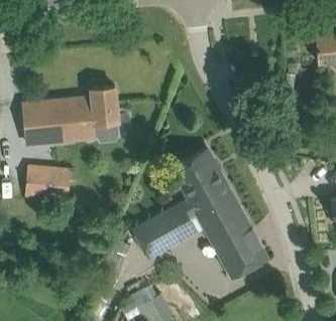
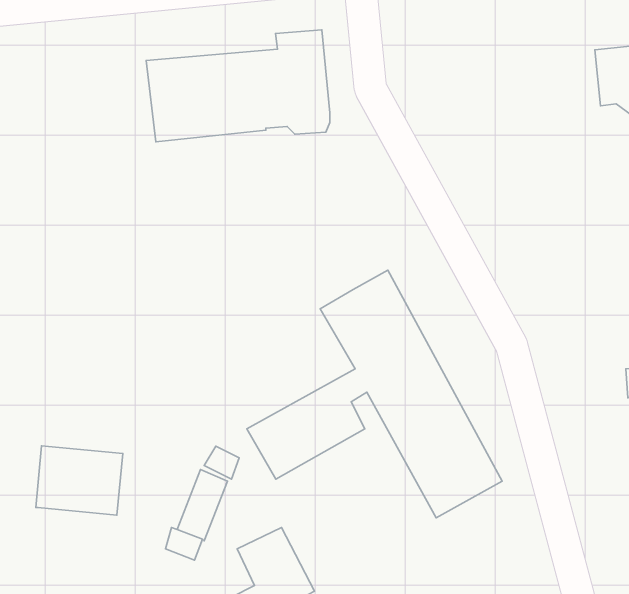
building: [22,88,118,146] -> [146,30,330,142]
building: [24,167,70,203] -> [36,446,123,515]

